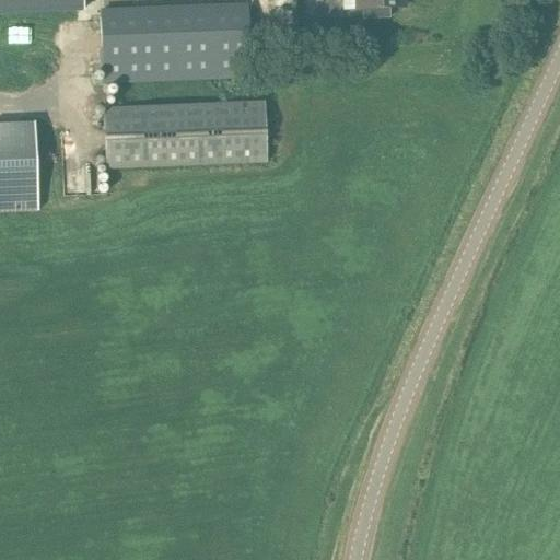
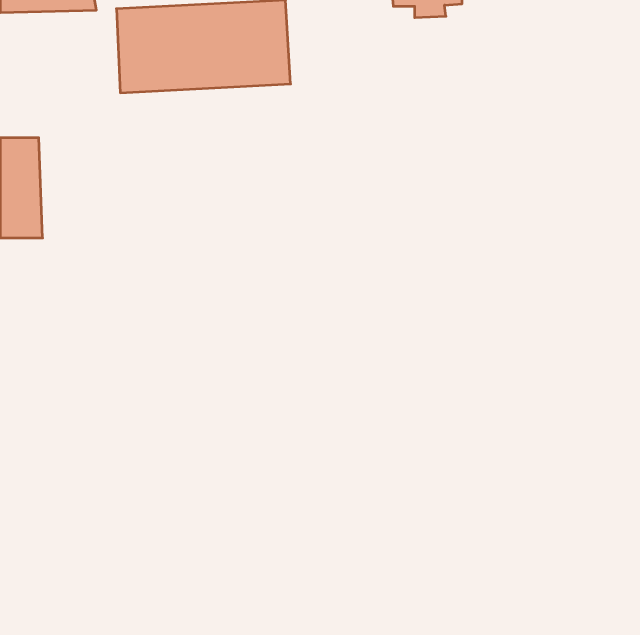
building: [103,101,265,165] -> none

